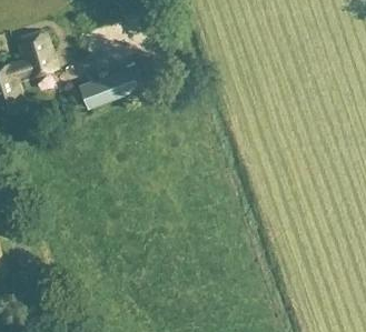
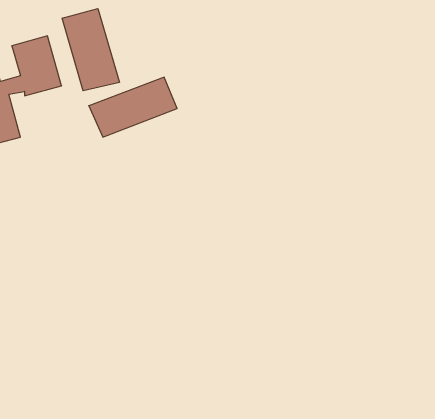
building: none -> [62,9,119,91]

